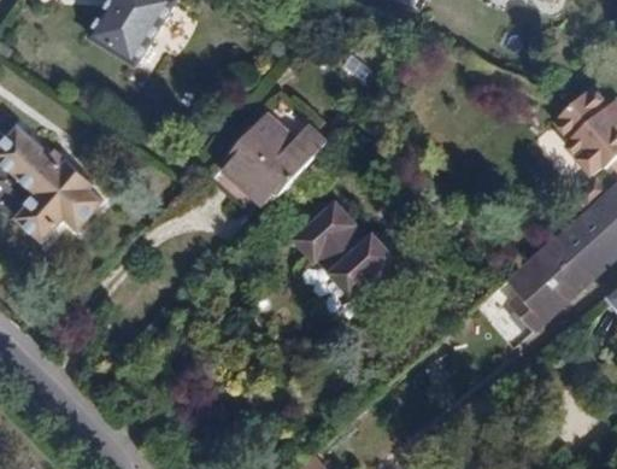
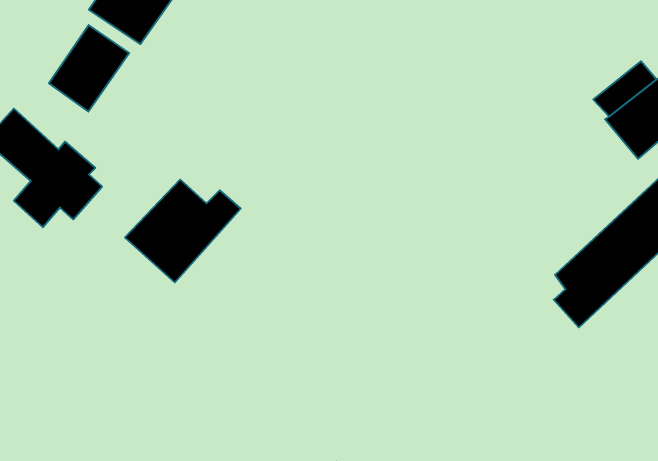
building: none -> [49,25,129,112]
building: [223,125,329,219] -> [125,180,241,282]
building: [294,216,389,303] -> none

